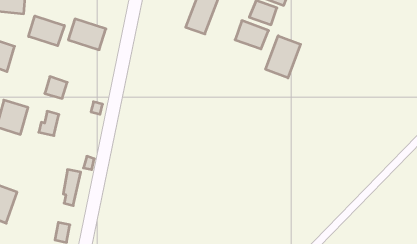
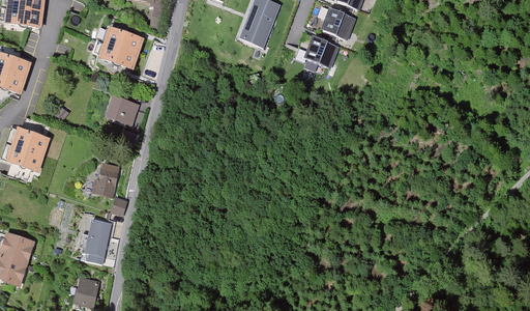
building: [29,16,64,46] -> none
building: [266,36,301,78] -> none
building: [45,77,67,98] -> [109,98,137,125]
building: [39,111,59,136] -> [93,162,118,192]

